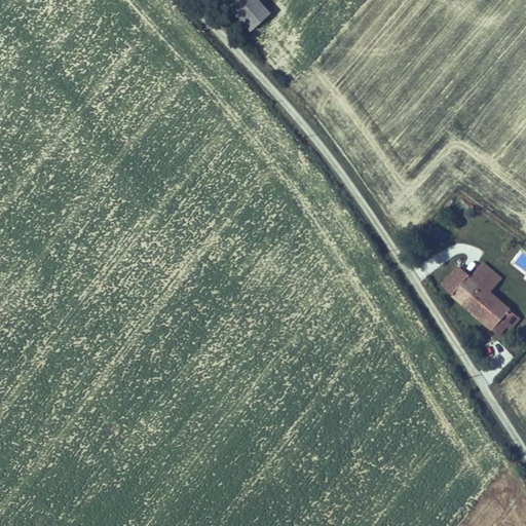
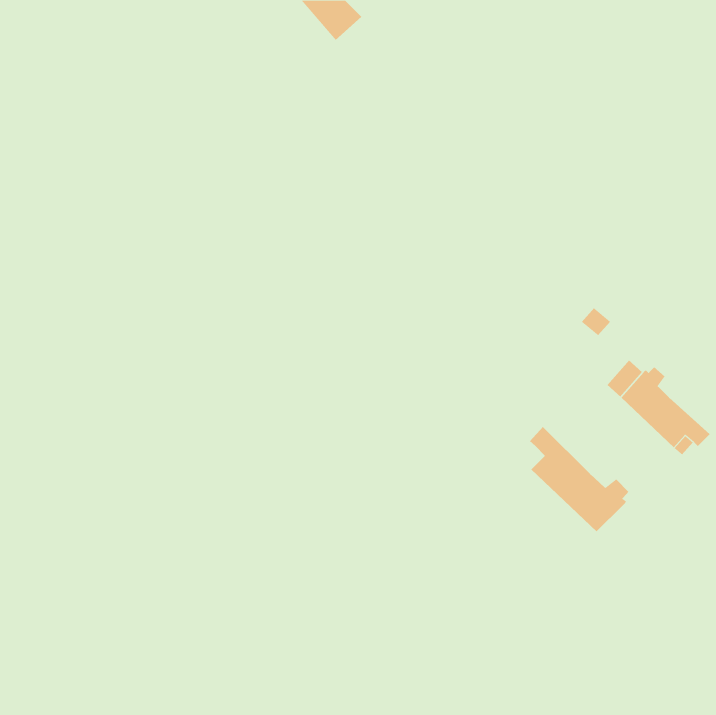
building: [479,261,504,293] -> none
building: none -> [529,426,629,532]

